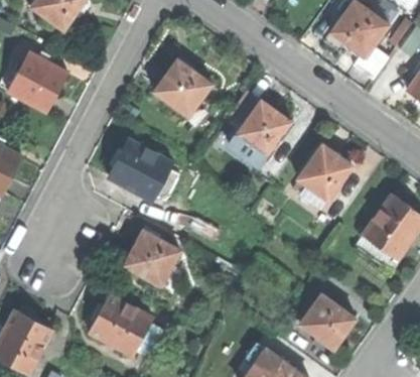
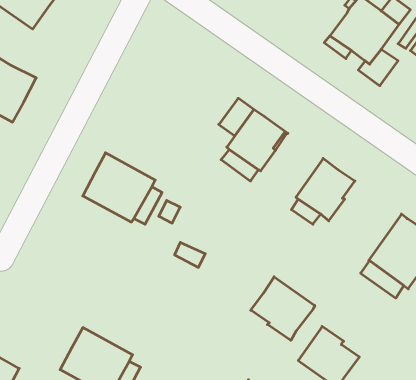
building: [156,57,214,118] -> none
building: [123,229,180,286] -> none
building: none -> [251,277,315,340]

